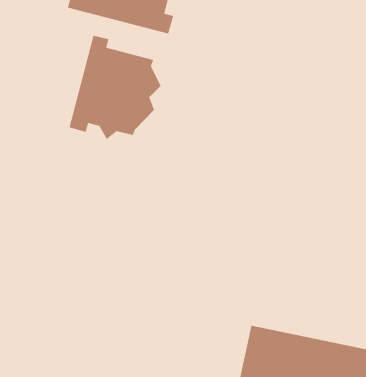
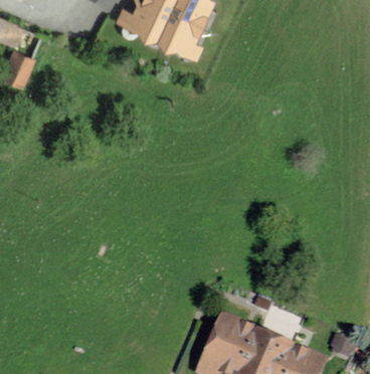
building: [69,35,162,140] -> none

